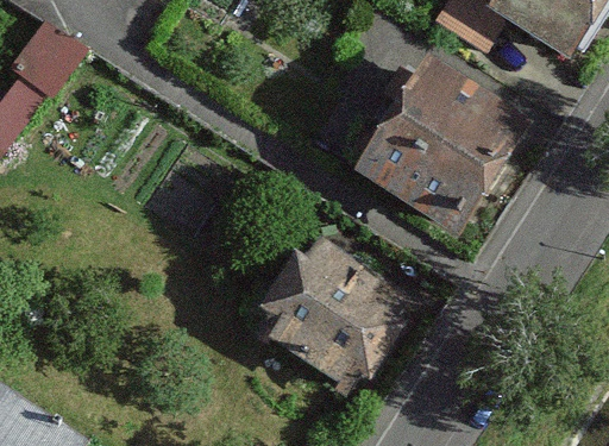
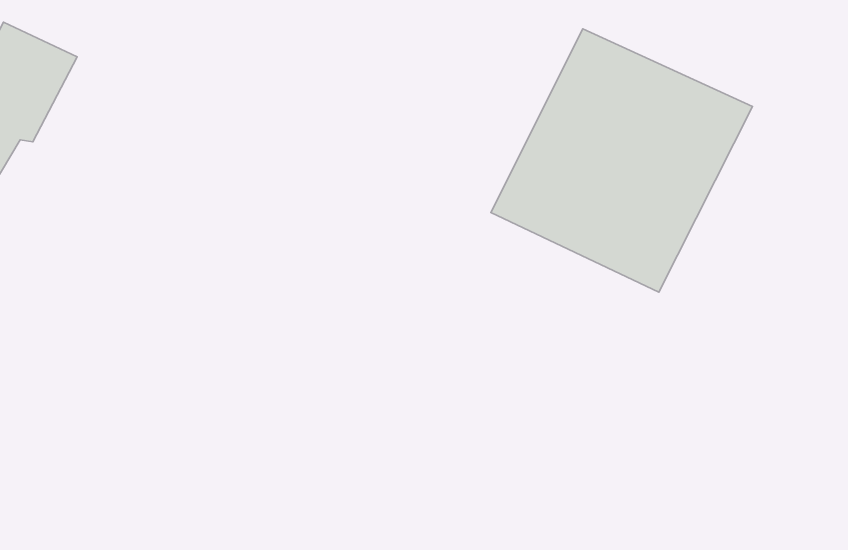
building: [255,233,407,389] -> none

